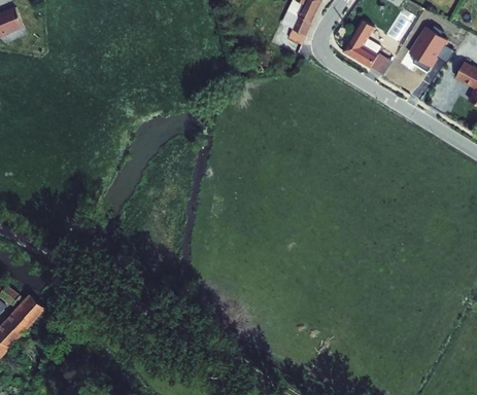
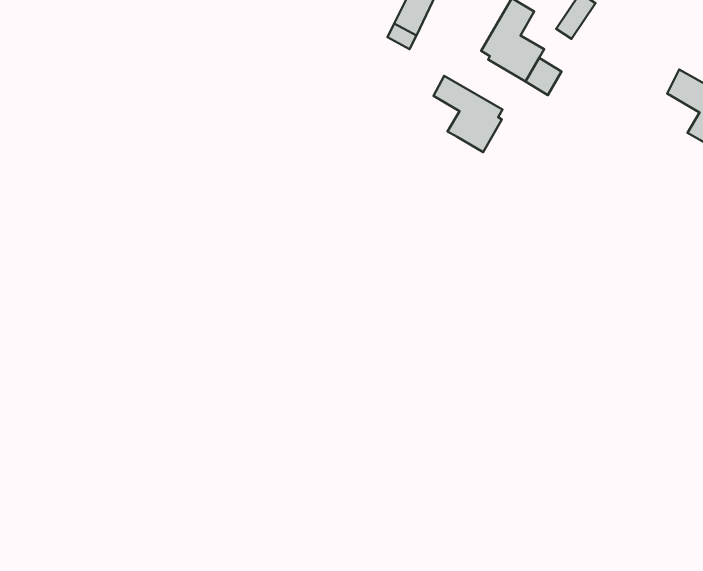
building: [410,27,452,73] -> none
building: none -> [434,76,502,152]

